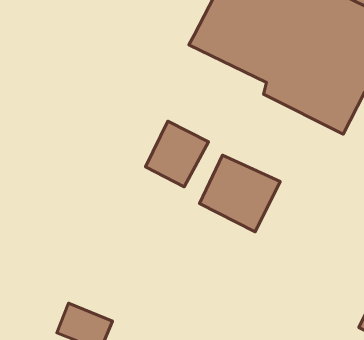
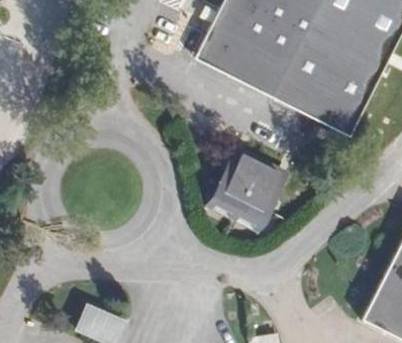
building: [146,121,209,187] -> none

